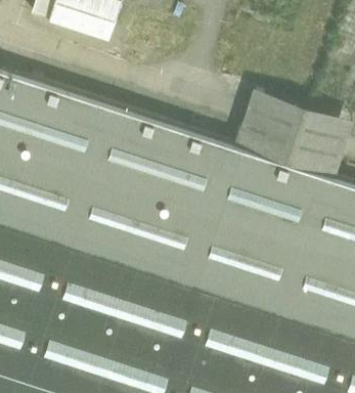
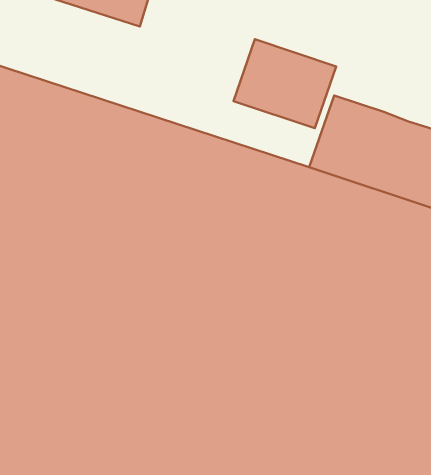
building: none -> [233,39,336,128]

